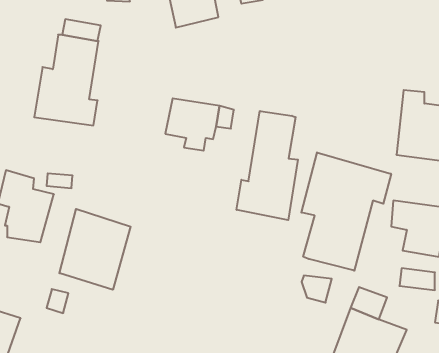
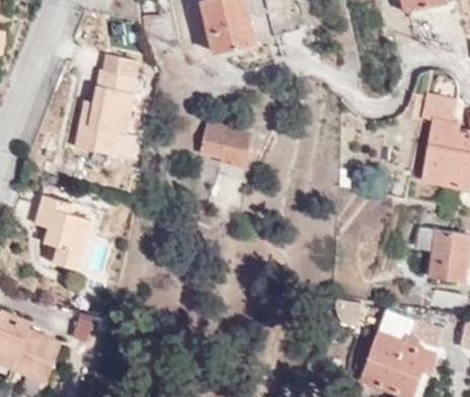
building: [237,111,298,220] -> none
building: [301,152,391,271] -> none
building: [59,209,131,290] -> none

